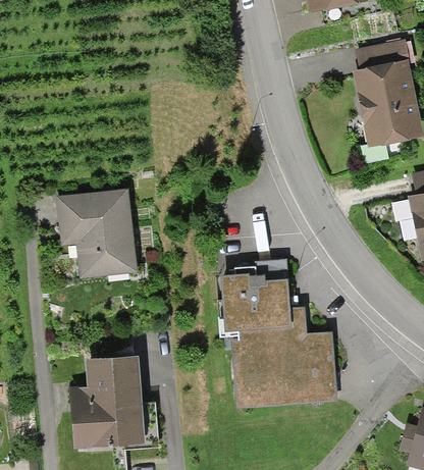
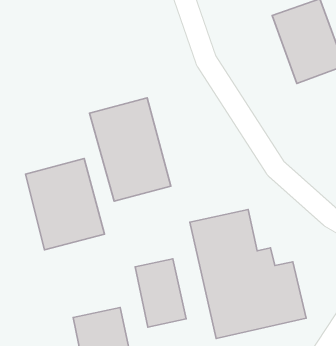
building: none -> [90,98,171,201]
building: none -> [135,259,186,327]

